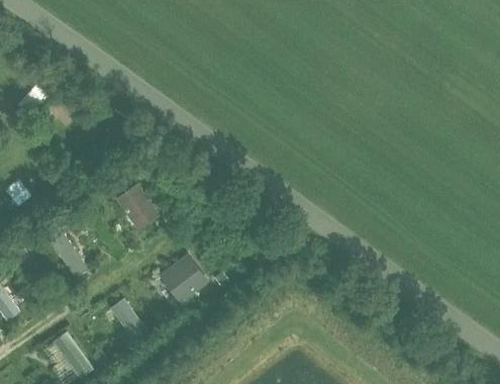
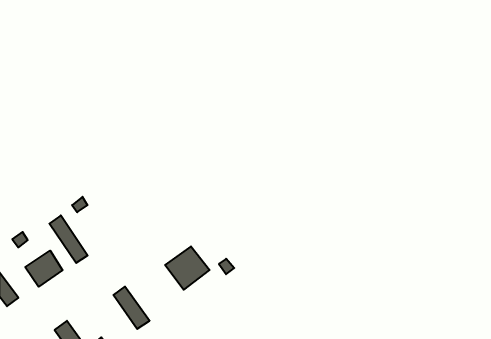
building: [115,183,158,227] -> none
building: none -> [25,251,63,287]

